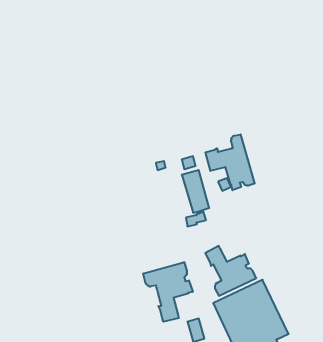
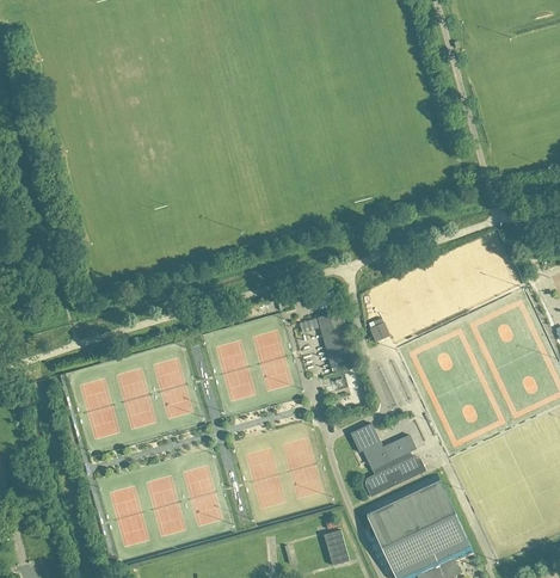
building: [206,134,255,190] -> none
building: [143,262,193,322] -> none

